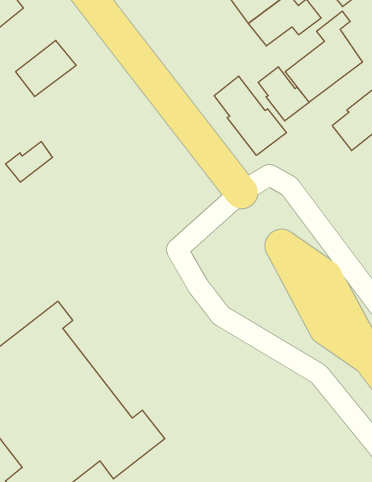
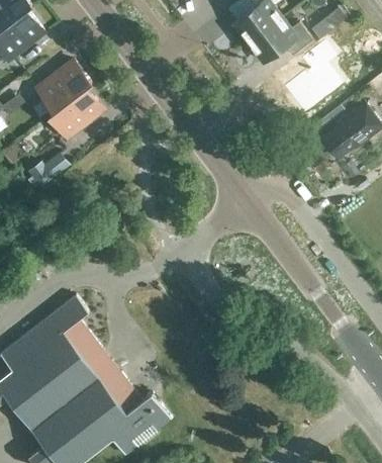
building: [258,67,309,121] -> none
building: none -> [49,87,103,137]
building: [214,76,286,155] -> none

